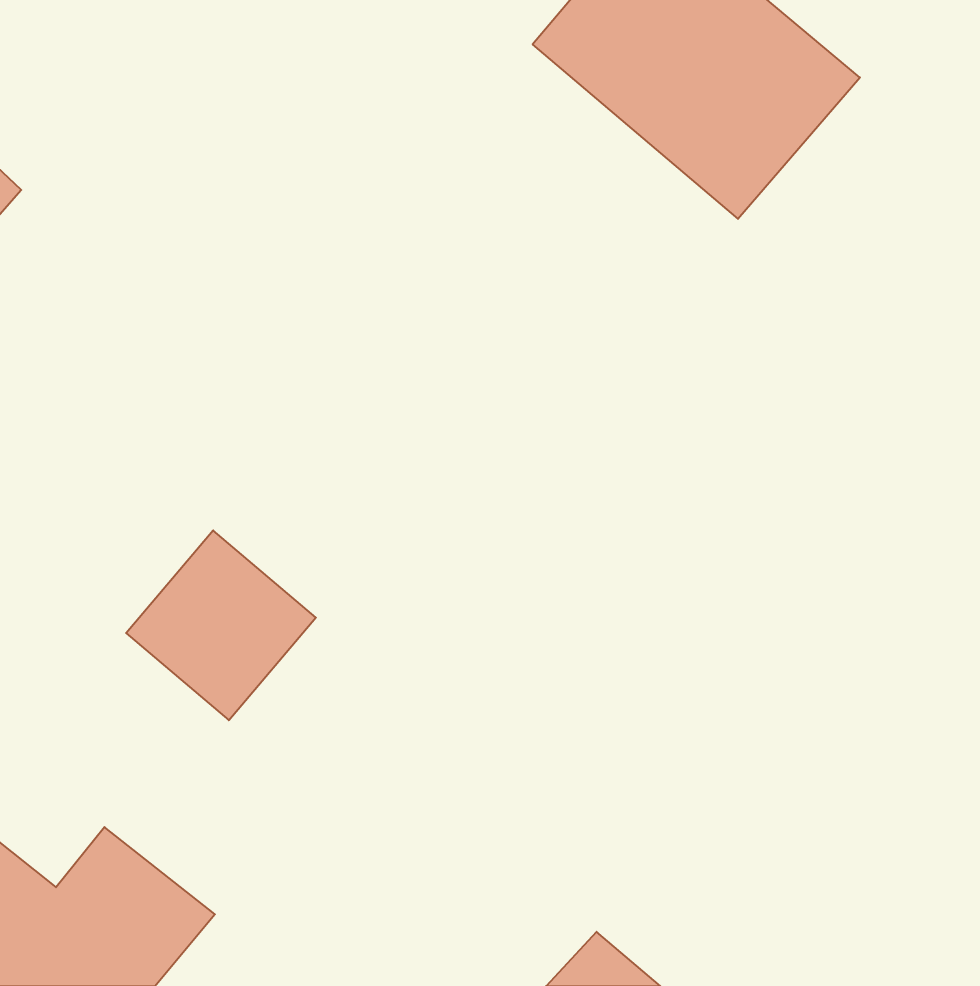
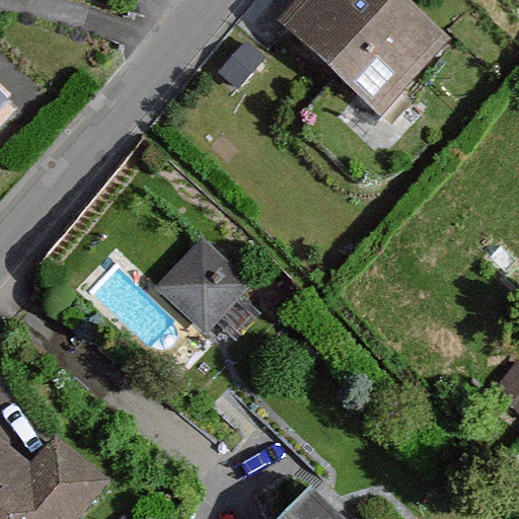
building: [126,530,316,720] -> [151,237,250,337]

